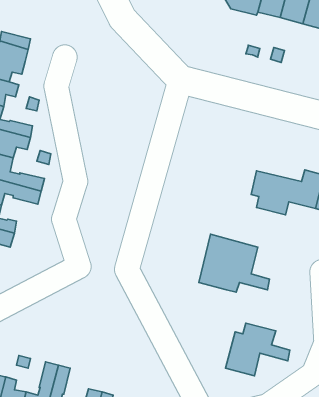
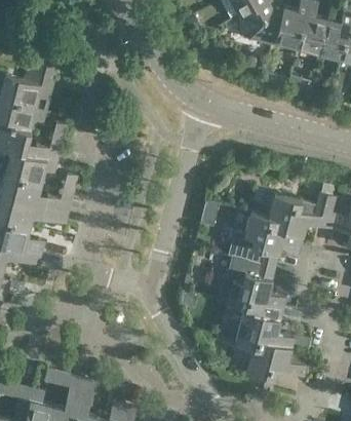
building: none -> [228,212,301,267]
building: none -> [235,301,294,350]

